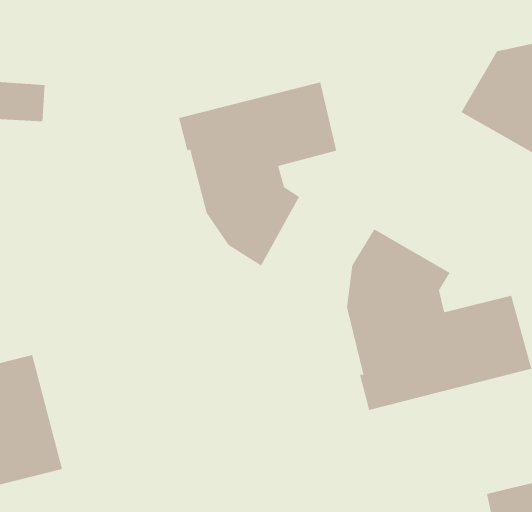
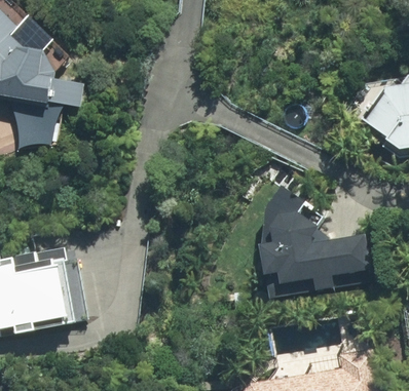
building: [179,81,337,267] -> none

